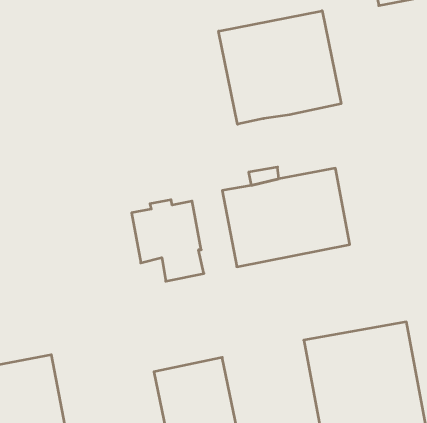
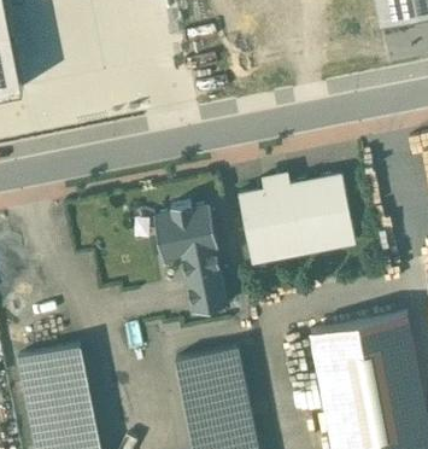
building: [219,11,341,124] -> none
building: none -> [186,272,228,315]

